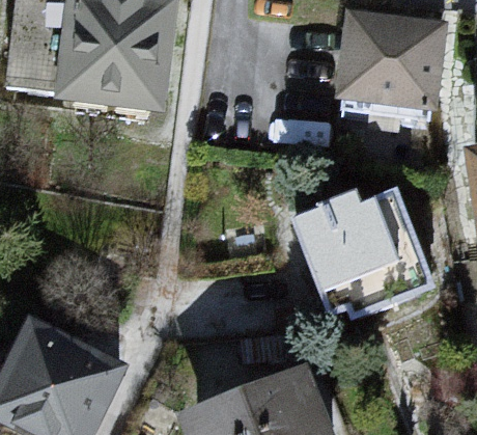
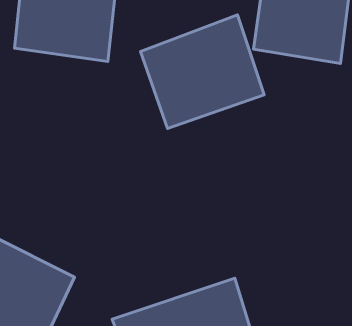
building: none -> [140,15,264,129]
building: [293,186,430,321] -> none

